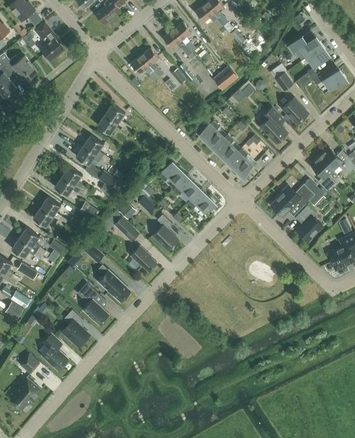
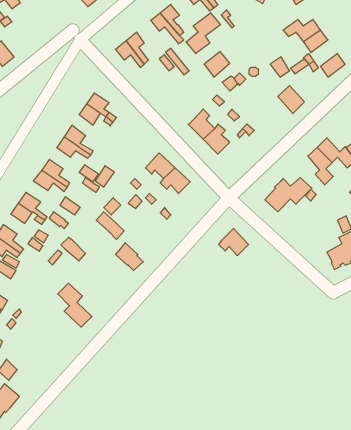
building: [36,24,64,61] -> none
building: none -> [186,13,220,54]
building: [260,107,287,143] -> none
building: [227,148,253,176] -> none
building: [187,188,215,213] -> [219,228,249,255]
building: [295,204,323,241] -> none
building: [152,214,179,251] -> none
building: [98,265,131,301] -> none
building: [62,310,89,346] -> none
building: [42,334,68,370] -> none

